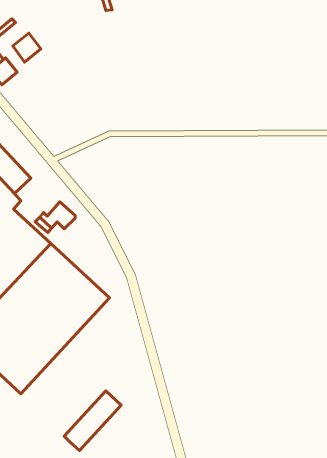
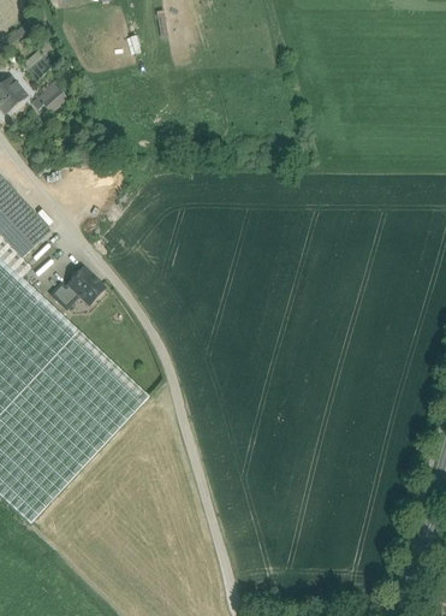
building: none -> [32,82,67,112]
building: [64,391,121,450] -> none

